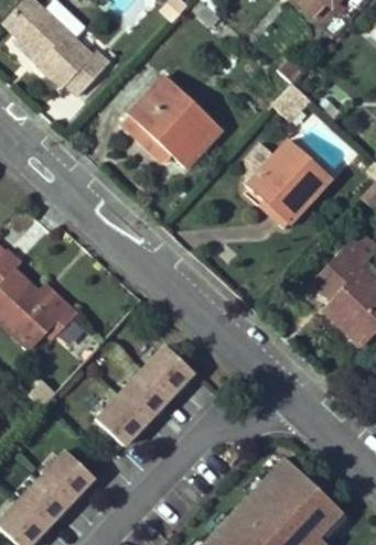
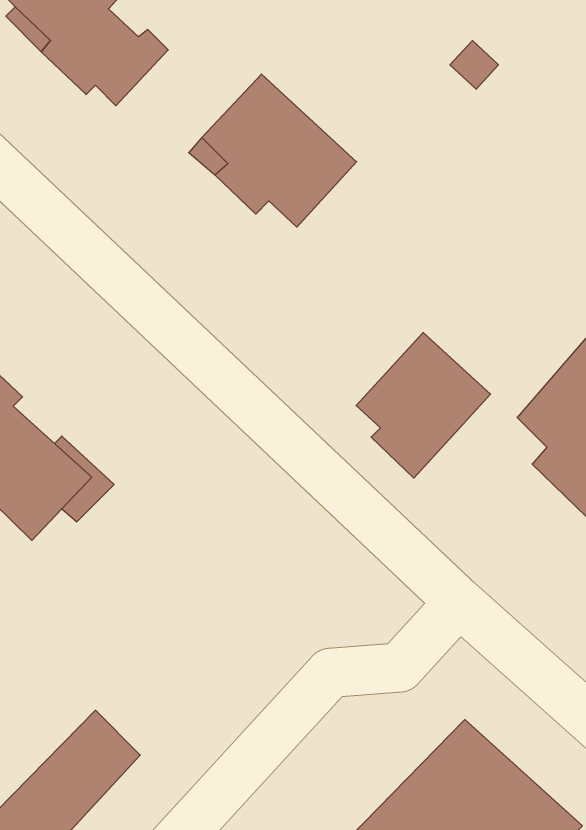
building: [249,142,329,228] -> [356,333,491,478]
building: [96,349,191,445] -> none

